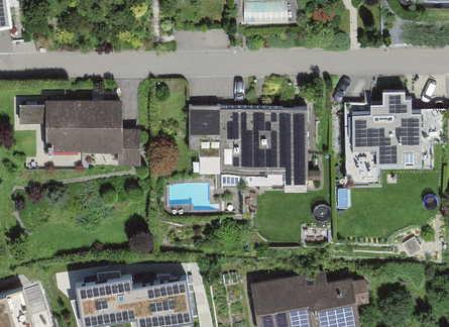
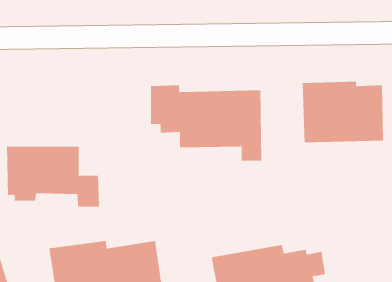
building: [36,102,134,166] -> [6,146,100,207]

